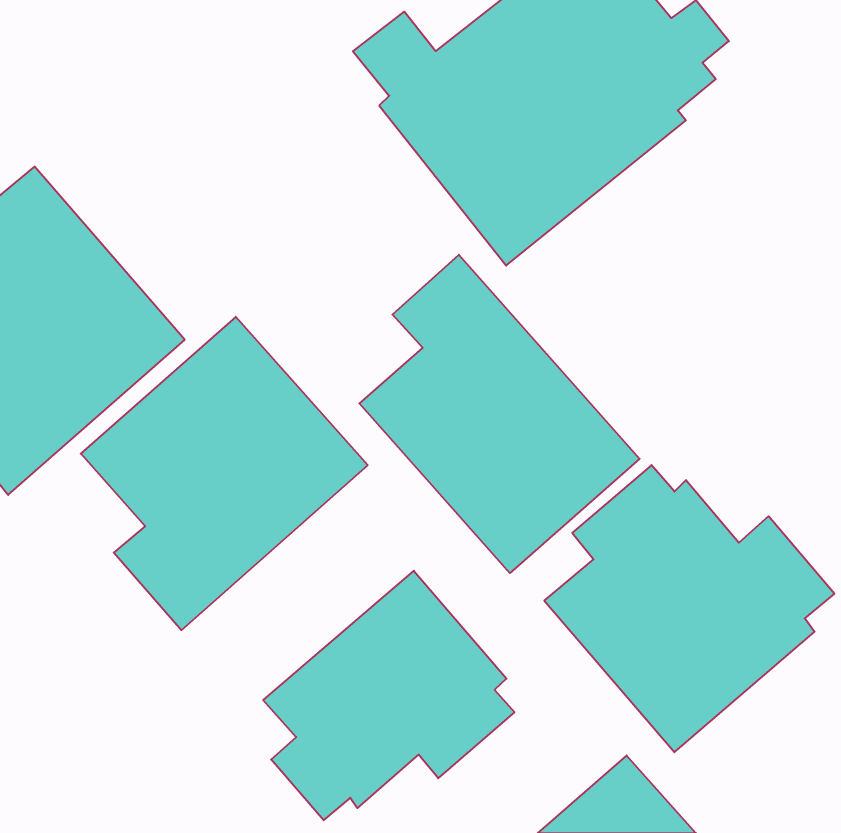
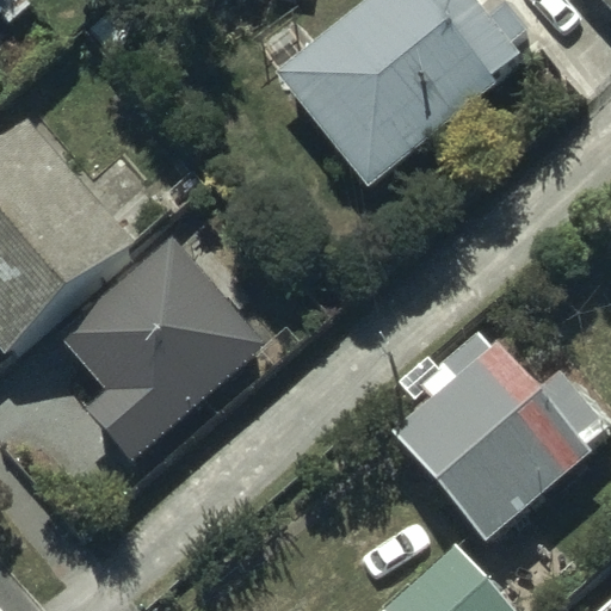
building: [359,255,640,573] -> none
building: [263,571,514,820] -> none

